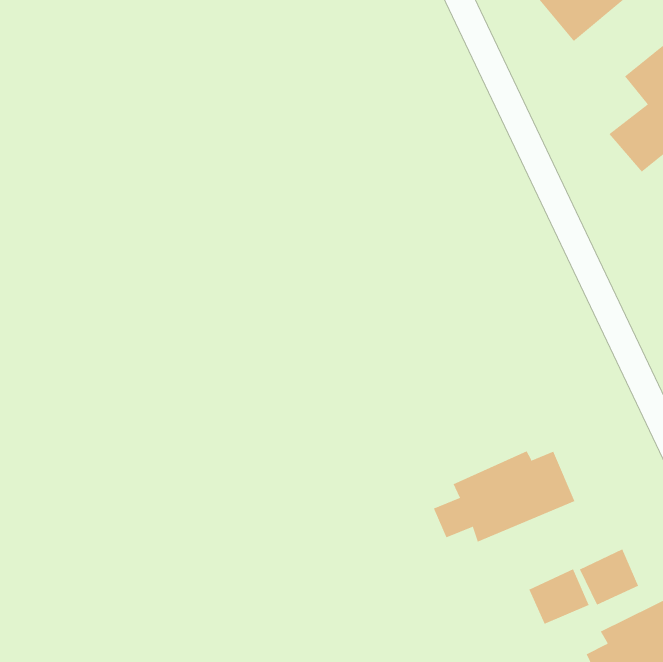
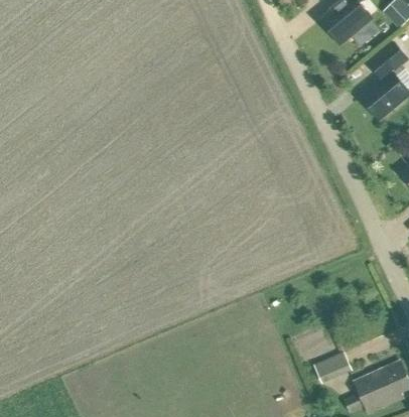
building: [433,450,575,542] -> none
building: [579,548,639,605] -> none

